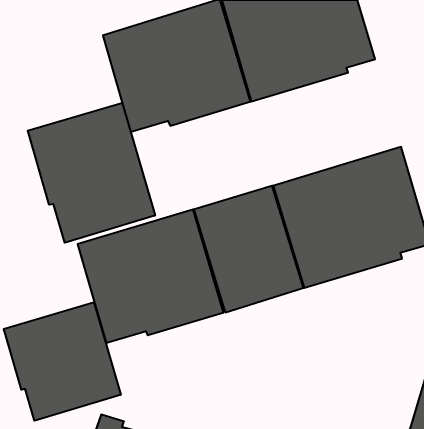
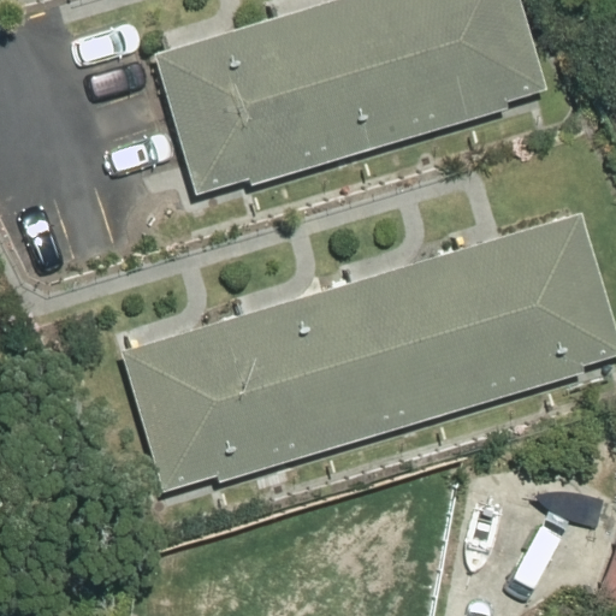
building: [28,103,155,243] -> none
building: [4,302,121,421] -> none

